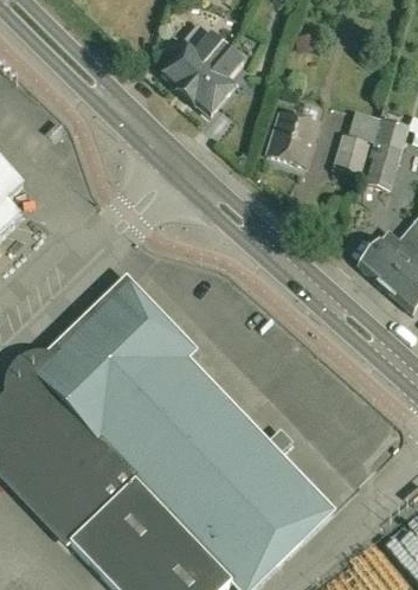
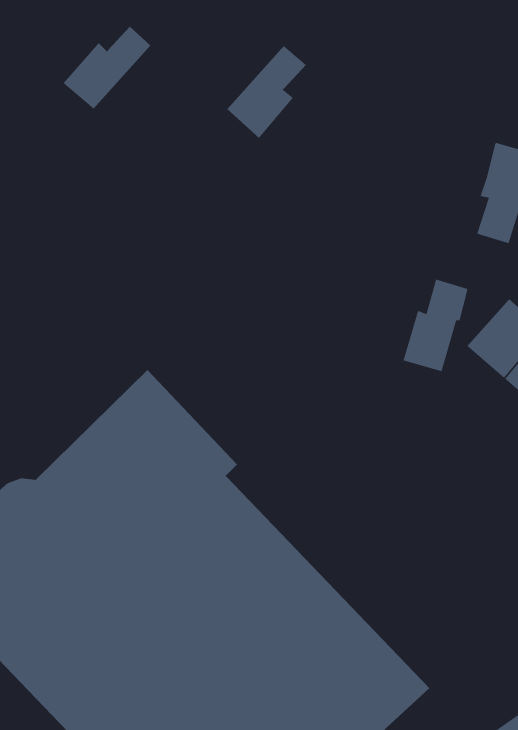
building: [163,31,227,91] -> [62,26,151,110]
building: [266,101,320,163] -> none
building: [332,109,379,177] -> [403,279,468,372]

